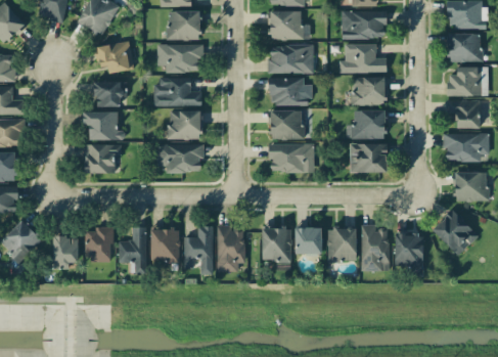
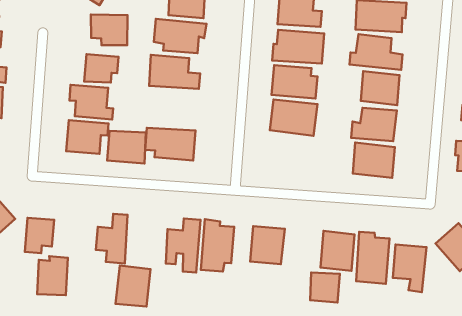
building: [168,110,202,139] -> [107,131,146,164]
building: [268,143,314,173] -> none
building: [85,227,112,263] -> [37,256,68,295]
building: [150,227,180,263] -> [116,265,151,306]
building: [295,227,321,254] -> [310,273,340,303]

